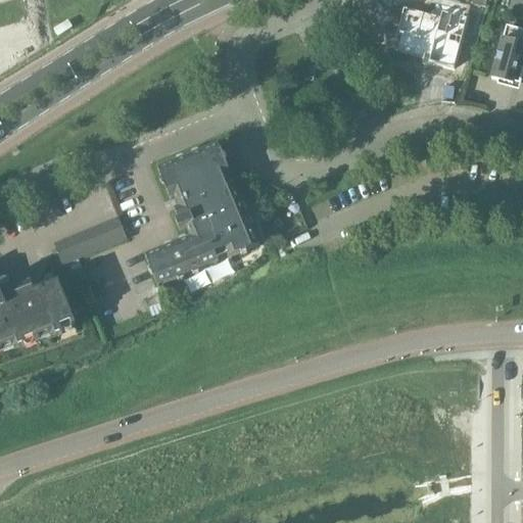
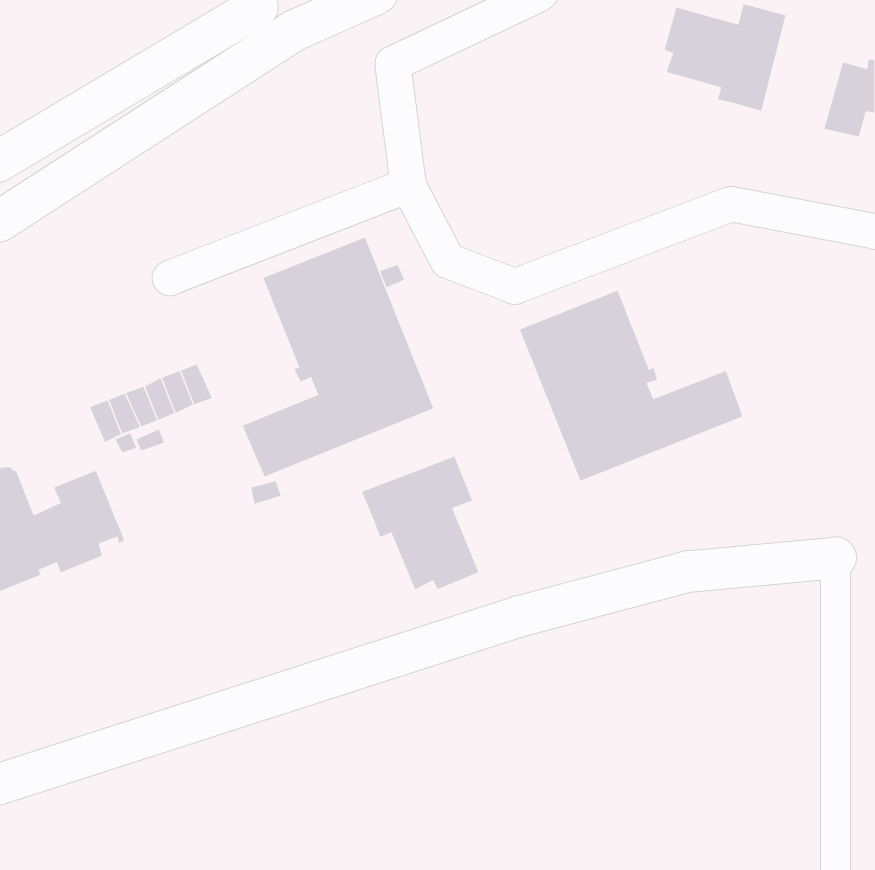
building: none -> [519,290,743,482]
building: none -> [361,454,479,590]

